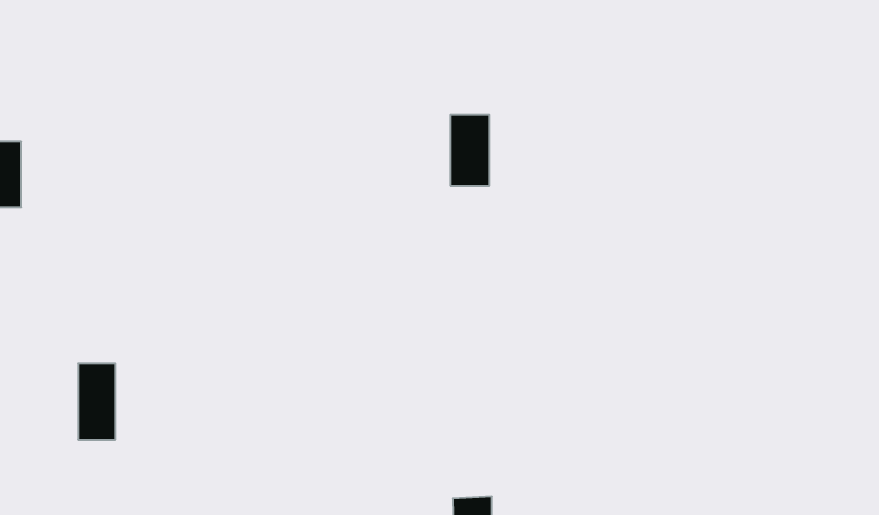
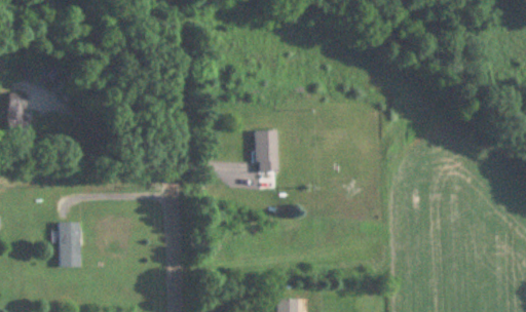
building: [450,115,489,186] -> [255,131,277,172]

